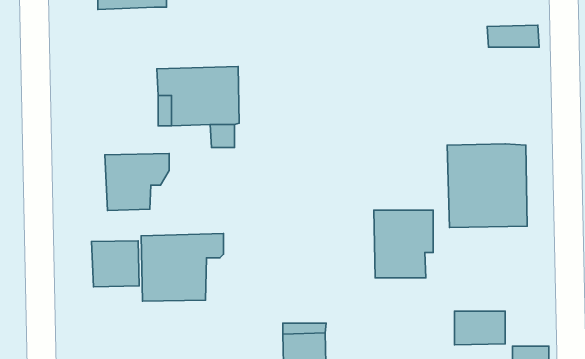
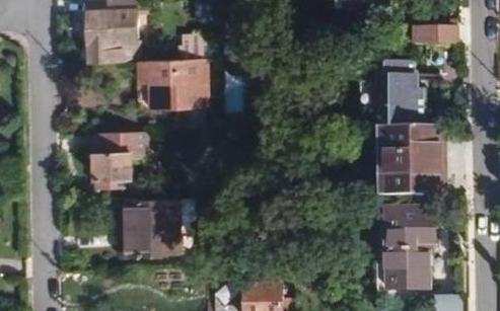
building: none -> [86,10,134,64]
building: none -> [372,60,428,126]
building: [374,210,433,278] -> [384,208,434,264]
building: [91,241,139,287] -> none

